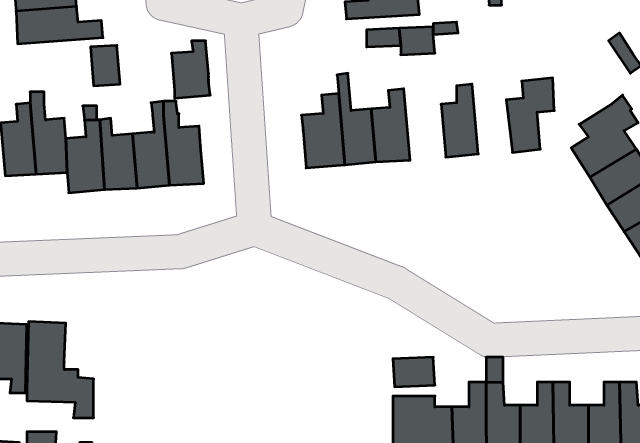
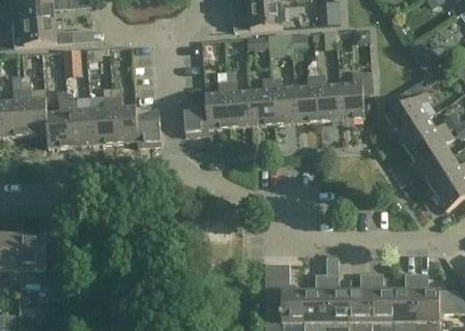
building: [171,41,210,98] -> [135,107,161,145]
building: none -> [316,73,343,120]
building: none -> [270,77,298,124]
building: none -> [180,99,206,137]

